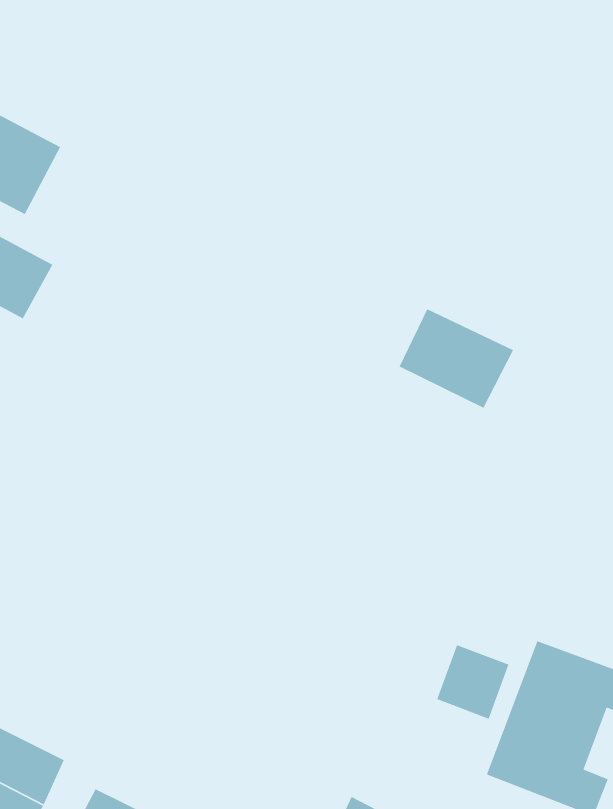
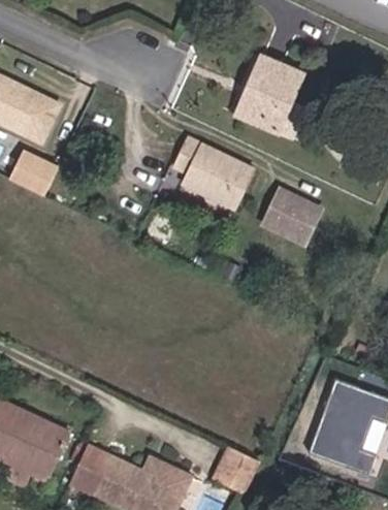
building: none -> [233,58,297,132]
building: none -> [172,137,249,209]
building: [436,644,509,720] -> none

